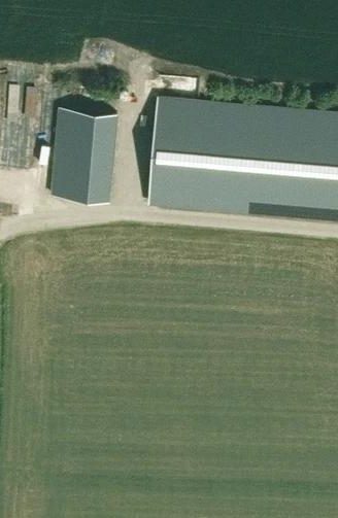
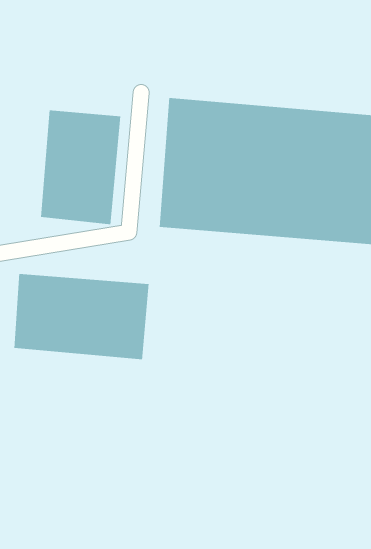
building: none -> [14,273,149,360]

